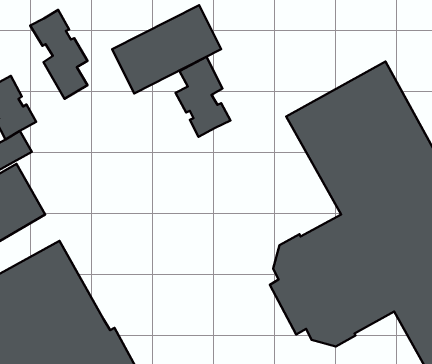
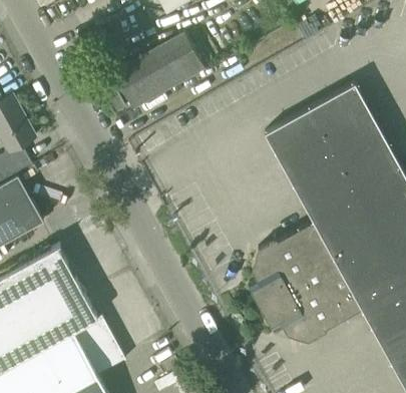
building: [30,10,88,99] -> none
building: [176,57,231,137] -> none

